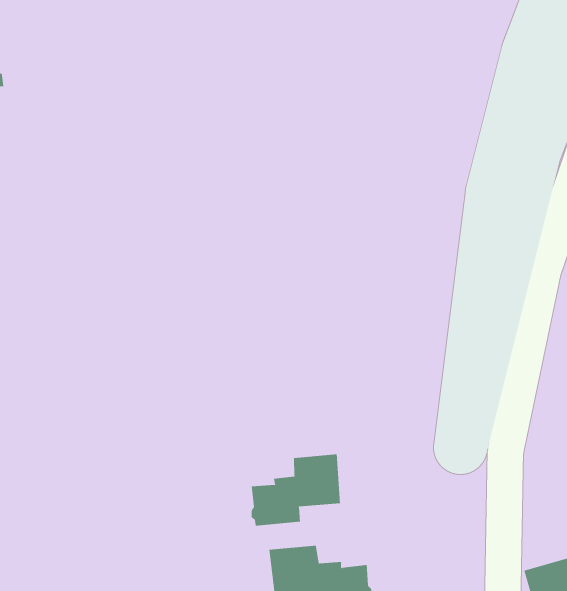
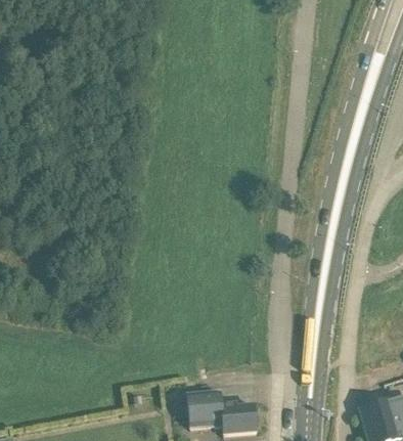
building: [251,454,340,526] -> none

